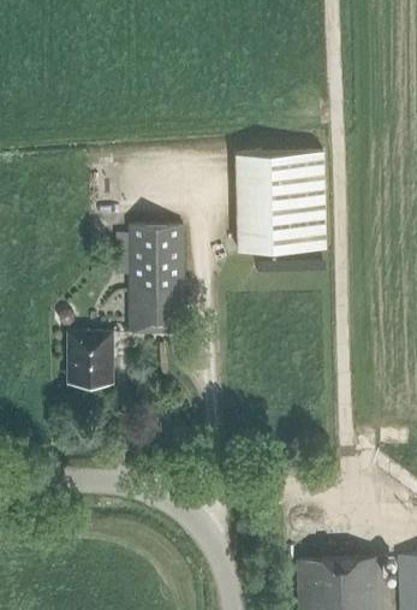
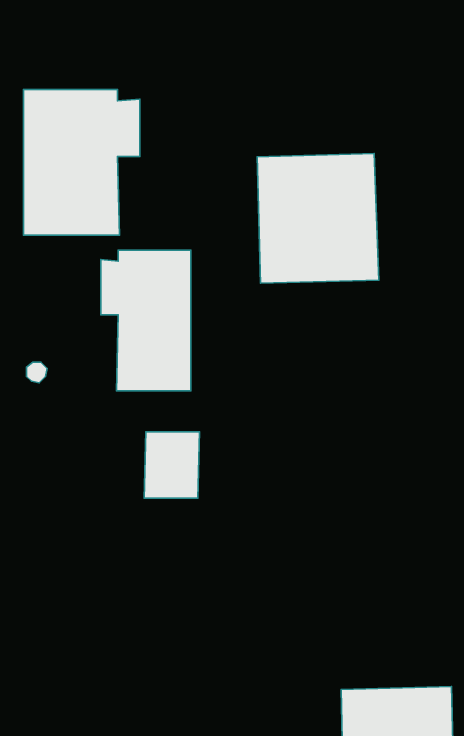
building: none -> [24,89,140,235]
building: [70,332,112,383] -> [144,432,200,498]

